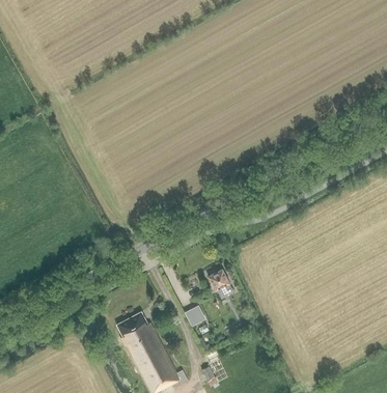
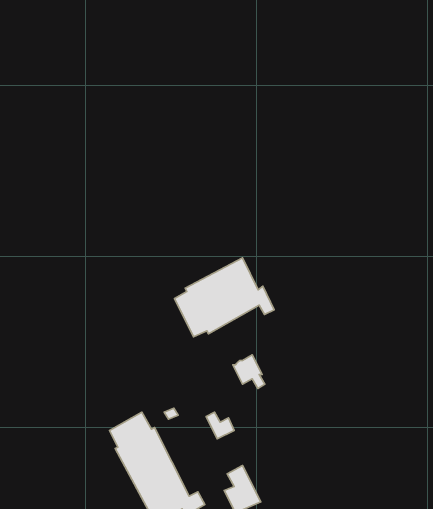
building: none -> [175,258,274,337]

